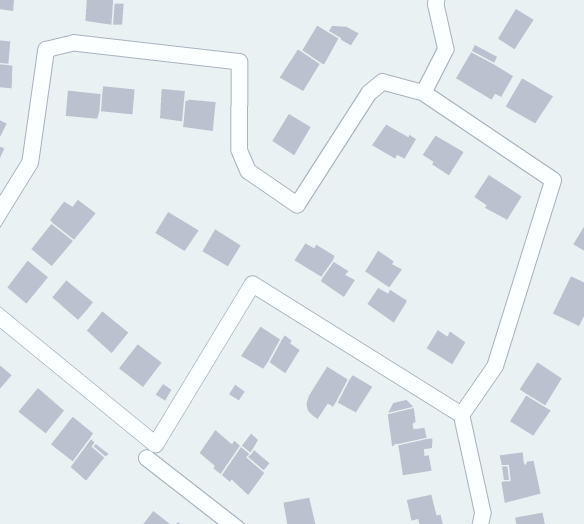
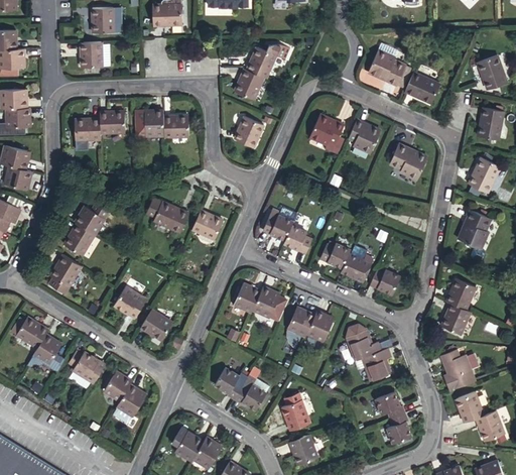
building: [497,8,535,50] -> none
building: [364,250,403,289] -> [344,249,373,277]
building: [51,279,94,321] -> none

